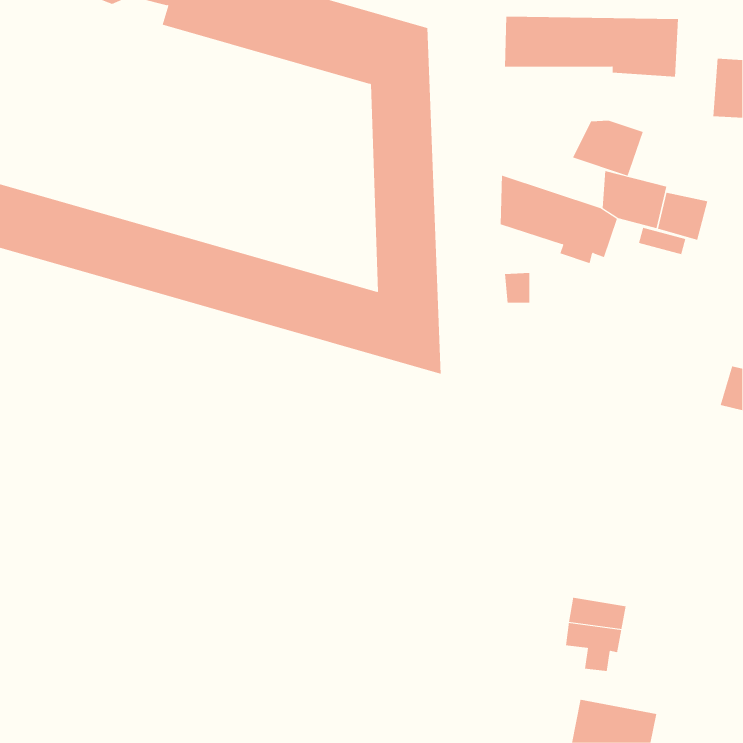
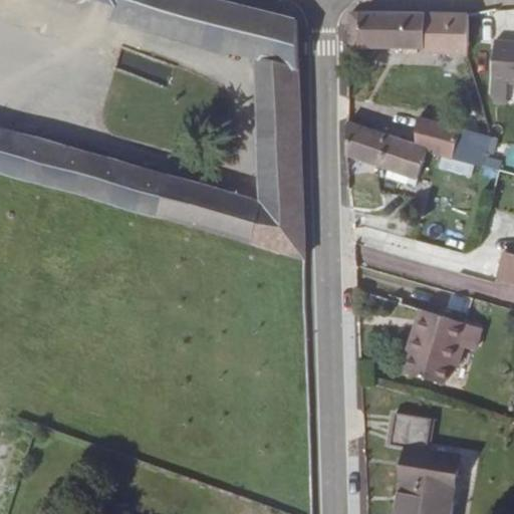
building: [572,120,644,176] -> none
building: none -> [406,310,479,383]
building: none -> [400,449,460,492]

